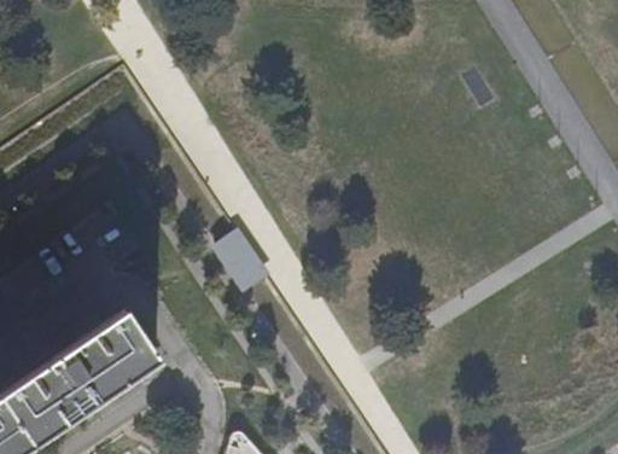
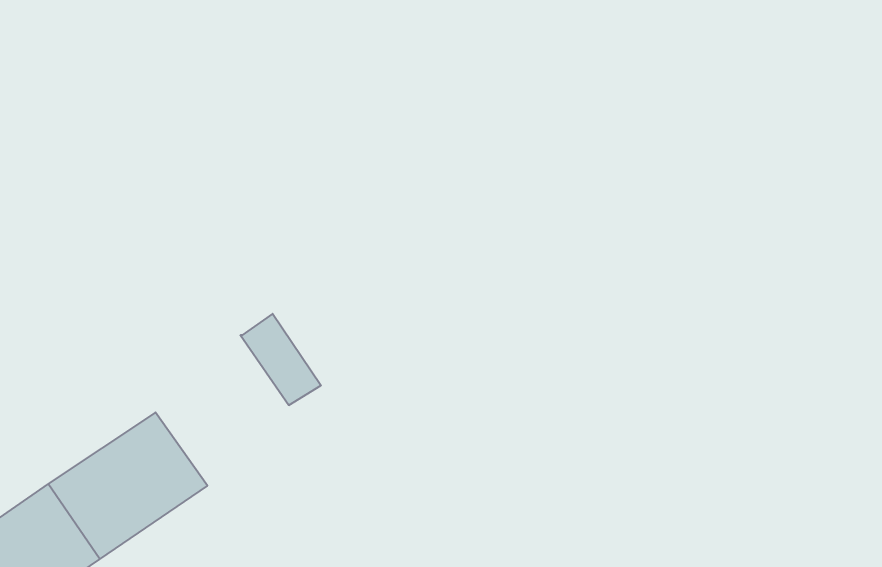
building: [212,231,267,292] -> [240,314,321,405]

